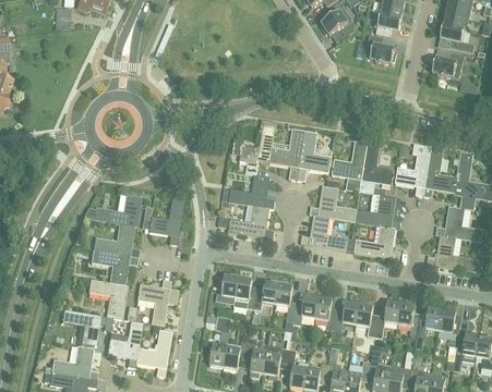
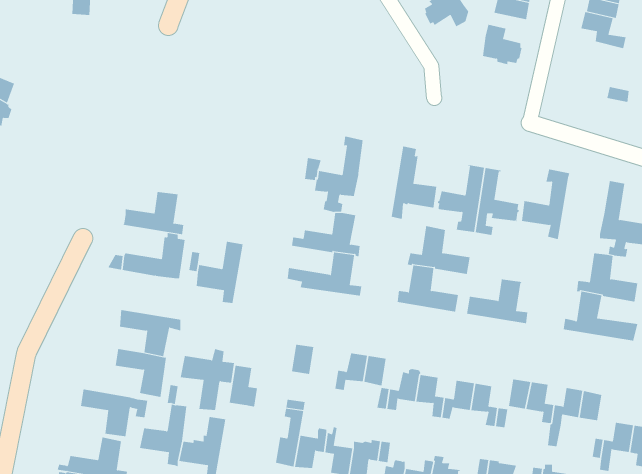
building: [430,51,464,78] -> none
building: [268,123,304,179] -> none
building: [422,149,456,197] -> none
building: [353,195,400,230] -> none
building: [92,223,139,256] -> [122,191,184,235]
building: [233,277,255,308] -> [229,365,258,407]

